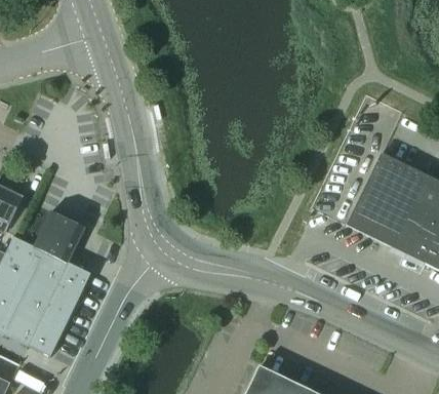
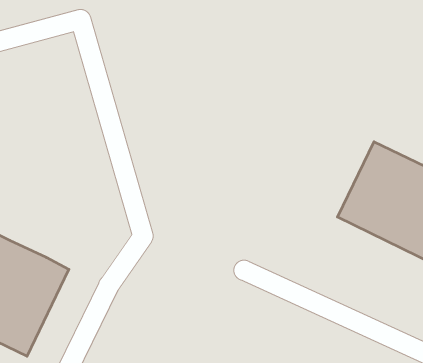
building: [33,210,85,263] -> none

